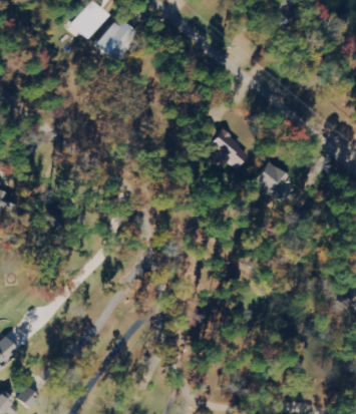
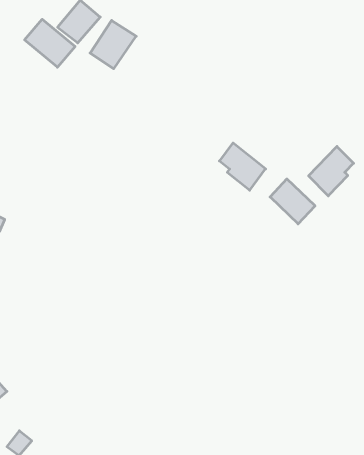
building: none -> [25,19,75,67]
building: none -> [309,146,354,196]

